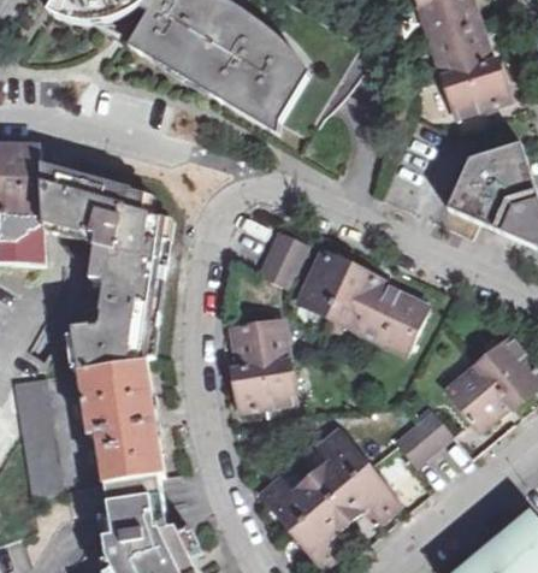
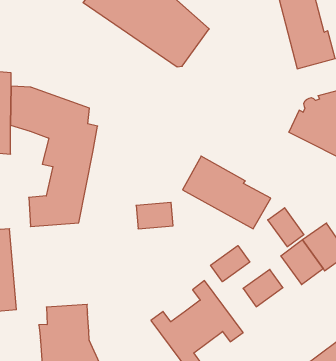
building: [254,231,305,289] -> none
building: none -> [268,208,304,247]
building: [230,355,291,410] -> none
building: [77,359,166,484] -> none
building: none -> [211,246,250,282]

